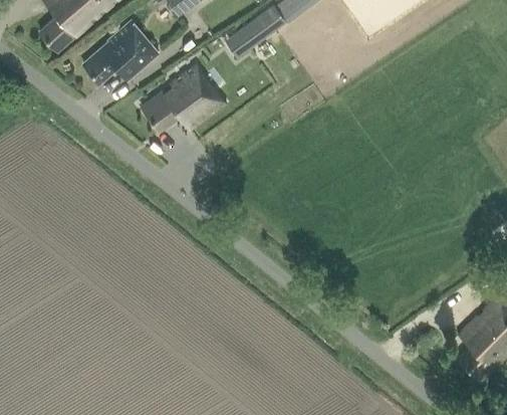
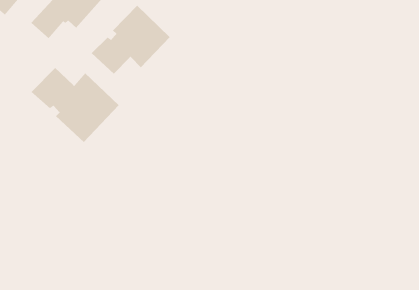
building: none -> [31,67,120,143]

